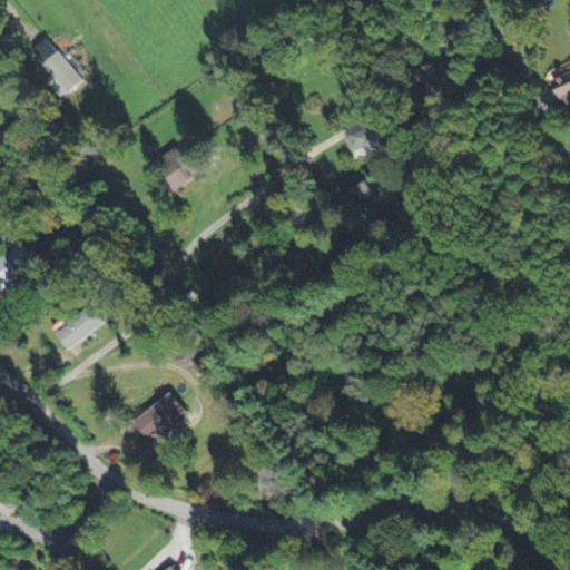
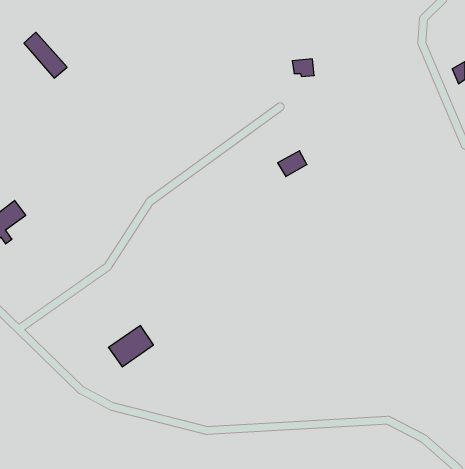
building: [350,129,376,150] -> [292,59,314,76]
building: [157,146,198,188] -> none
building: [52,306,101,351] -> none

